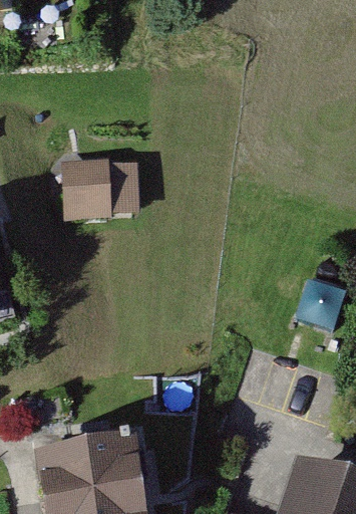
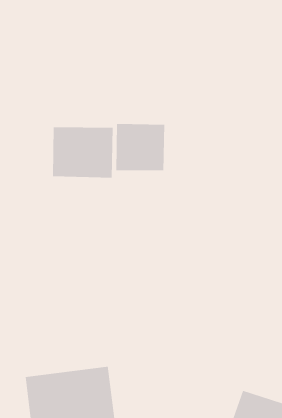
building: none -> [116,123,165,171]

